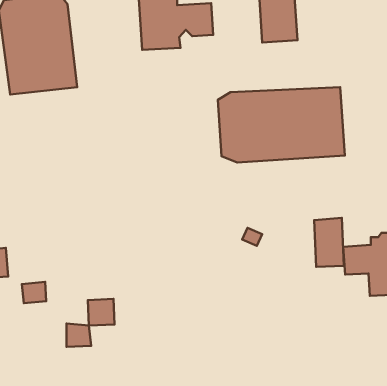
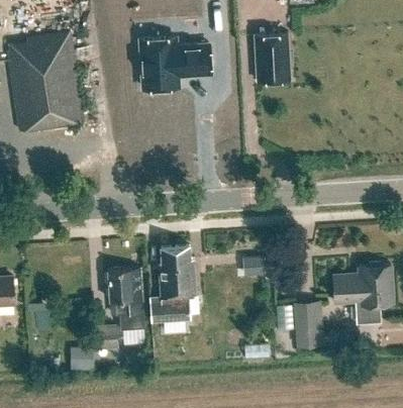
building: [218,87,345,163] -> none
building: none -> [150,245,196,320]
building: [314,218,344,267] -> [295,301,323,347]
building: none -> [109,269,143,329]

